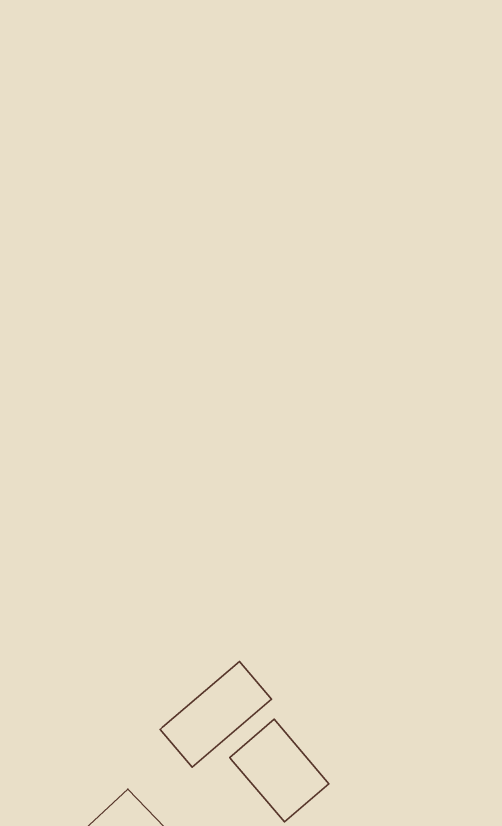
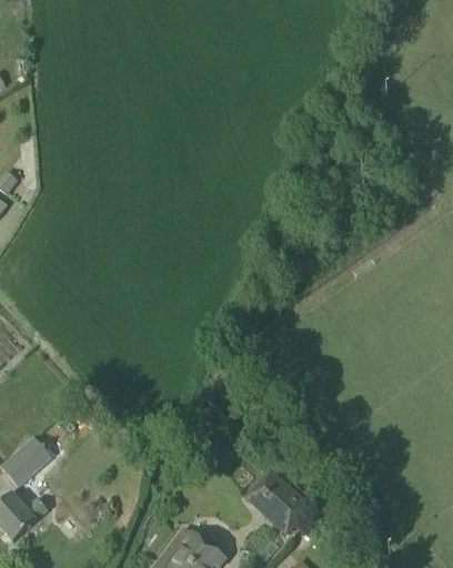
building: [160,661,271,767] -> none

